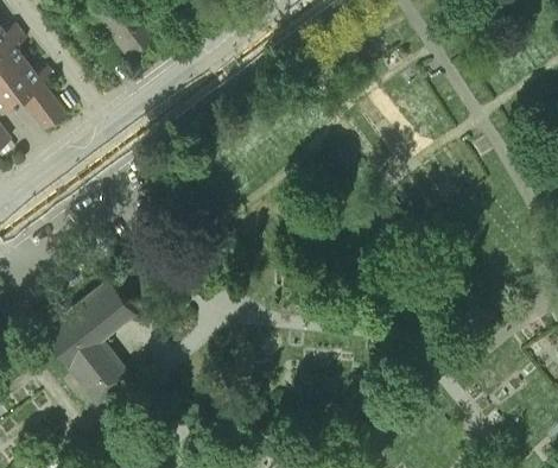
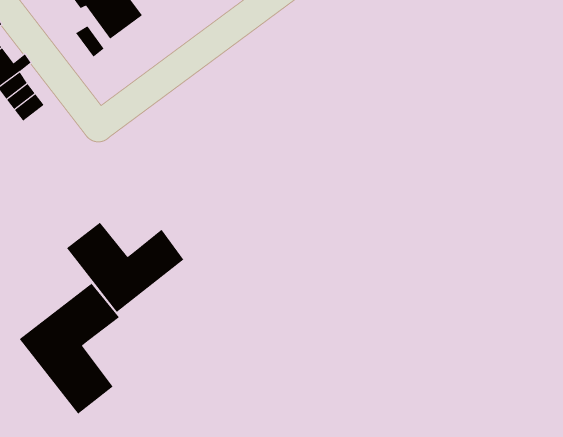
building: none -> [66,222,184,313]

